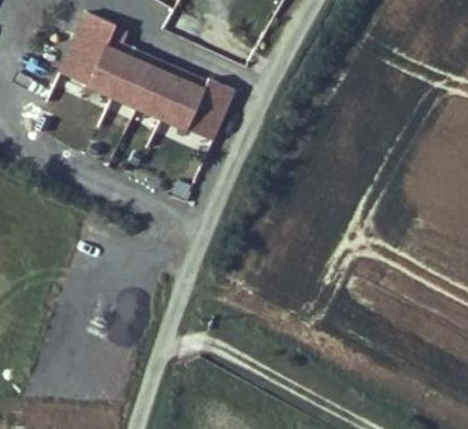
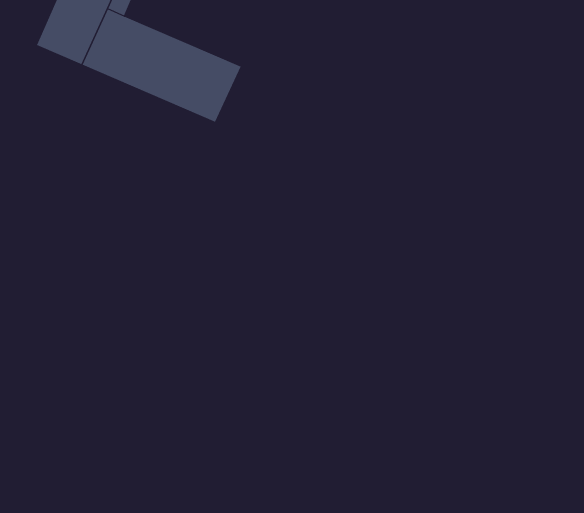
building: [187,80,233,138] -> none

